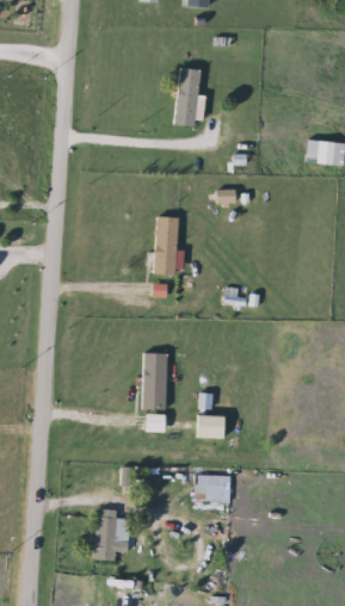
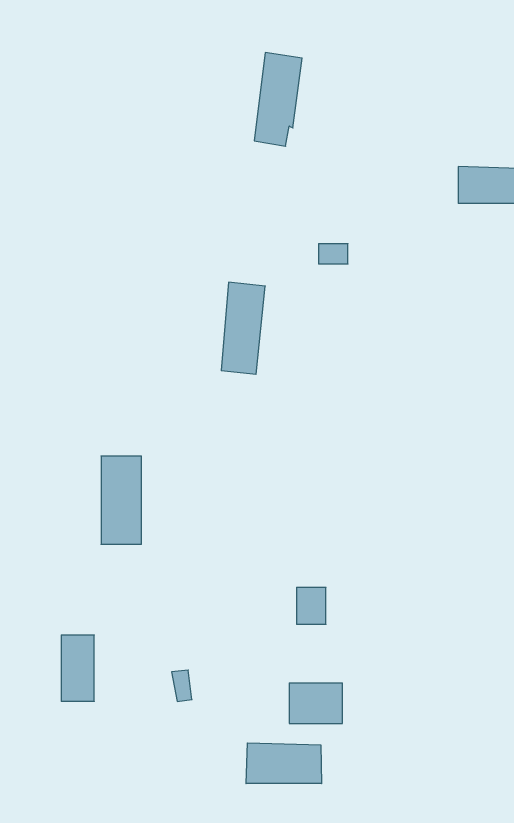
building: [143,352,170,409] -> [101,456,141,544]
building: none -> [246,743,322,784]
building: [96,515,117,558] -> [61,635,94,701]

